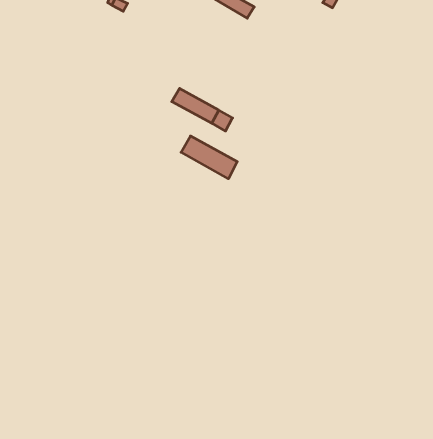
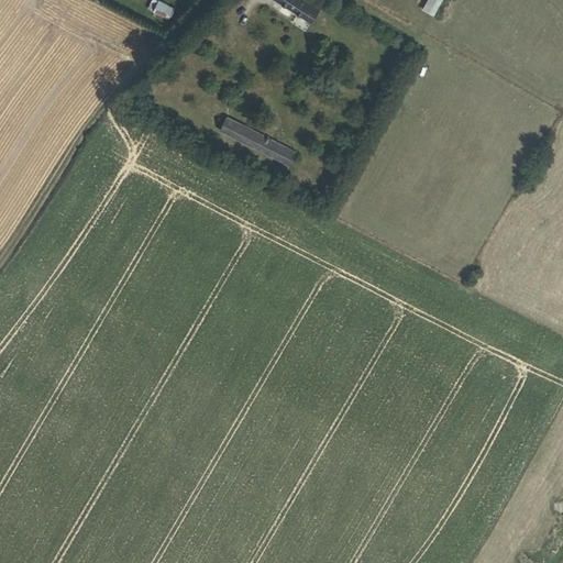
building: [181,136,237,179] -> none

